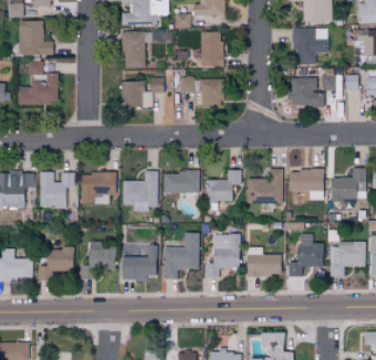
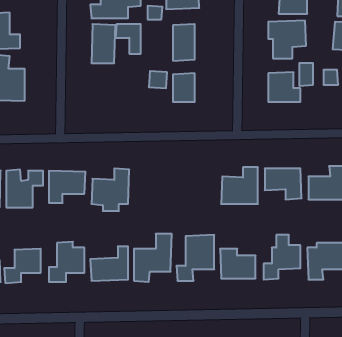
building: [121,77,163,107] -> none
building: [206,170,241,202] -> none
building: [164,172,199,193] -> none

